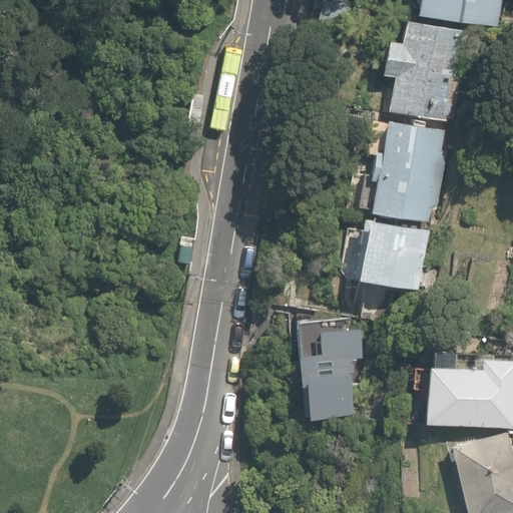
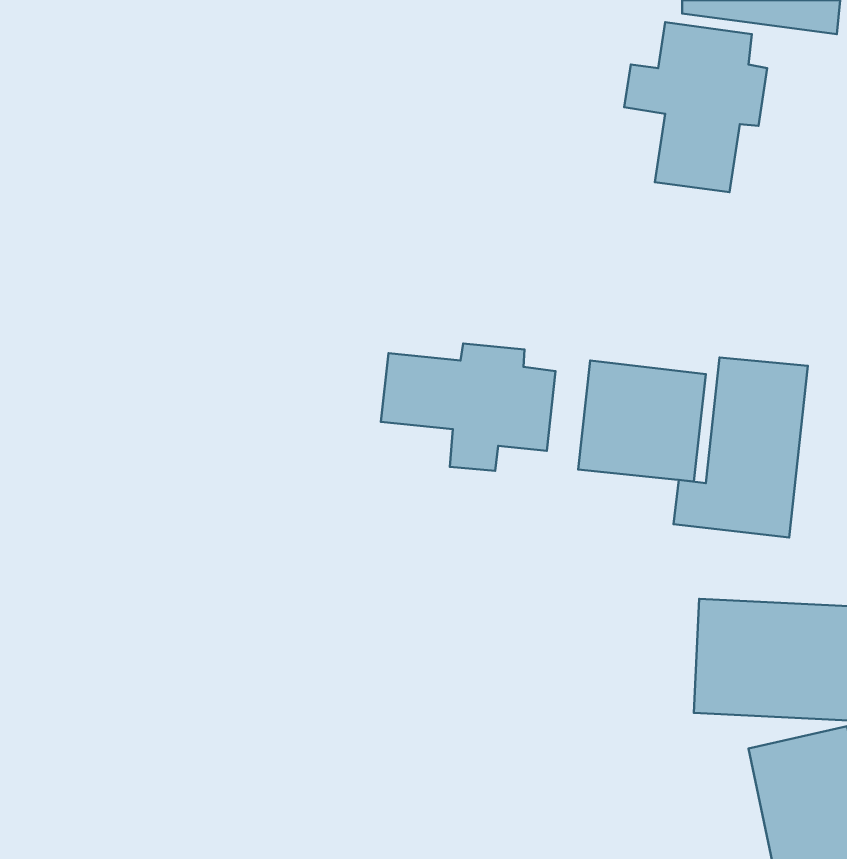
building: [361,120,440,226] -> [674,357,808,538]
building: none -> [381,343,556,471]
building: [299,329,365,417] -> none

